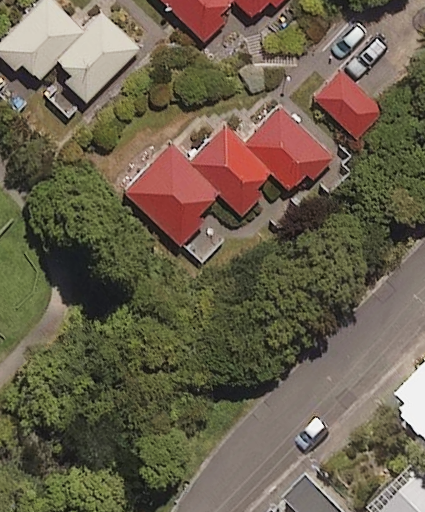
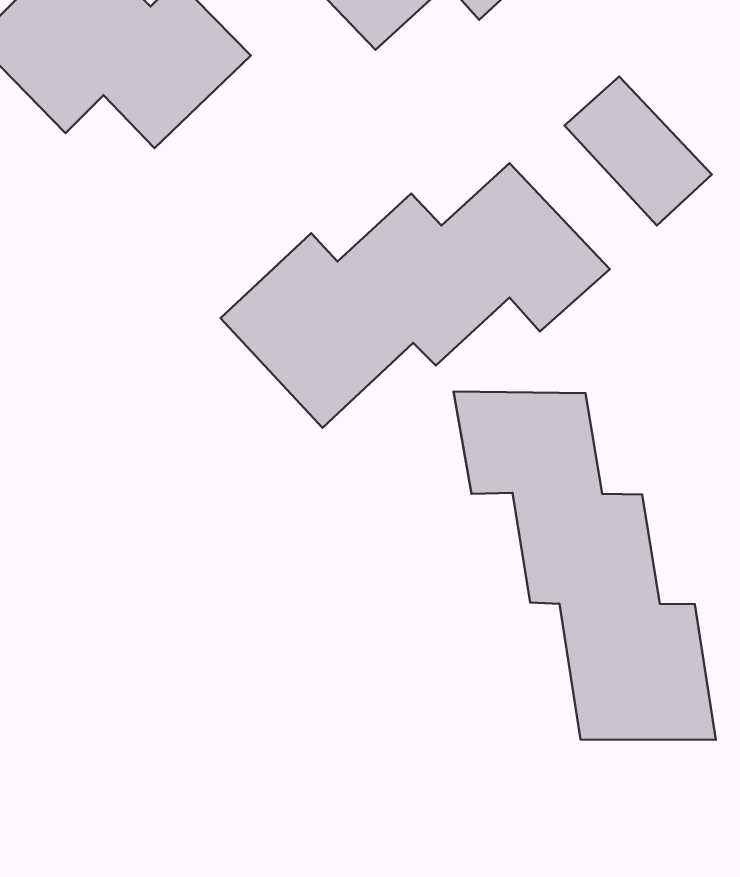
building: none -> [454,392,716,740]

